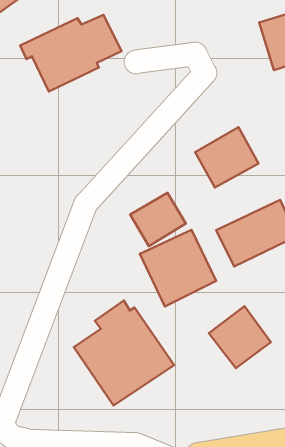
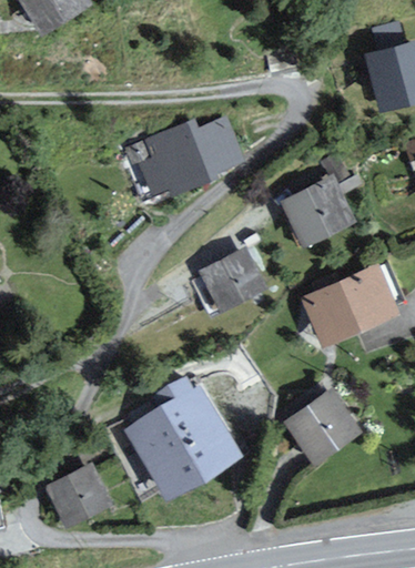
building: [20,15,121,92] -> [125,115,245,203]
building: [140,230,216,307] -> none
building: none -> [49,466,113,527]

